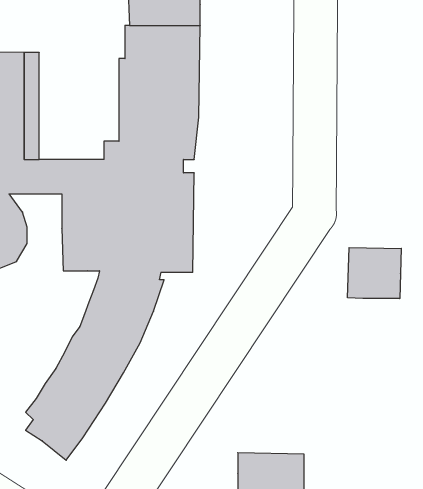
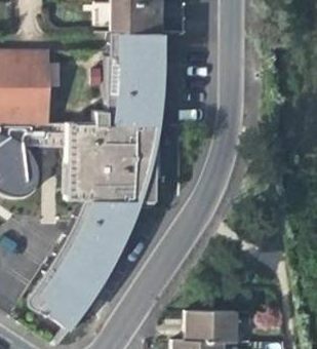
building: [348,248,401,299] -> none
building: none -> [30,197,92,313]

